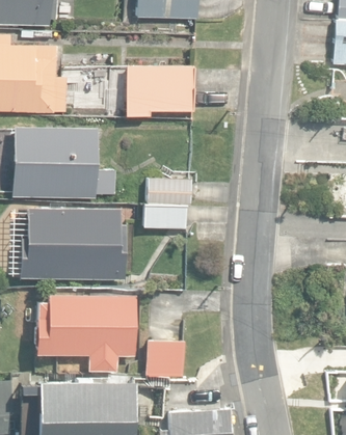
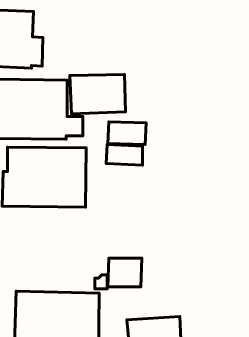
building: [125,69,191,115] -> [70,75,125,114]
building: [34,293,136,372] -> none

